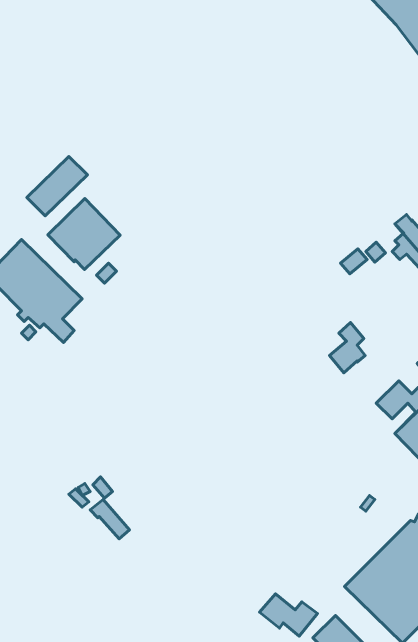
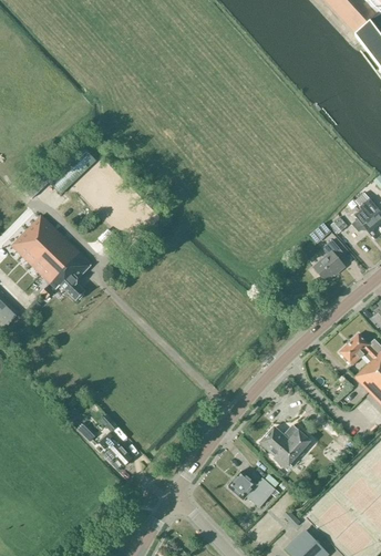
building: [48,198,120,270] -> none
building: [329,323,365,373] -> [313,238,343,280]
building: none -> [260,423,311,469]
building: [260,594,318,636] -> [227,470,276,505]

